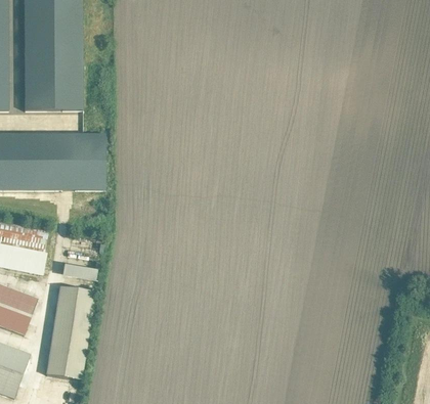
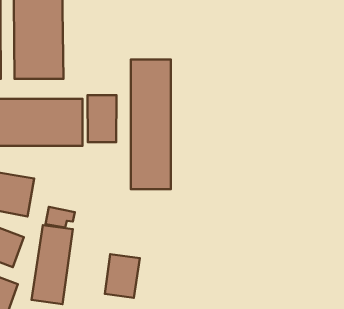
building: none -> [131,60,171,189]
building: none -> [88,95,117,142]
building: none -> [105,254,140,298]

